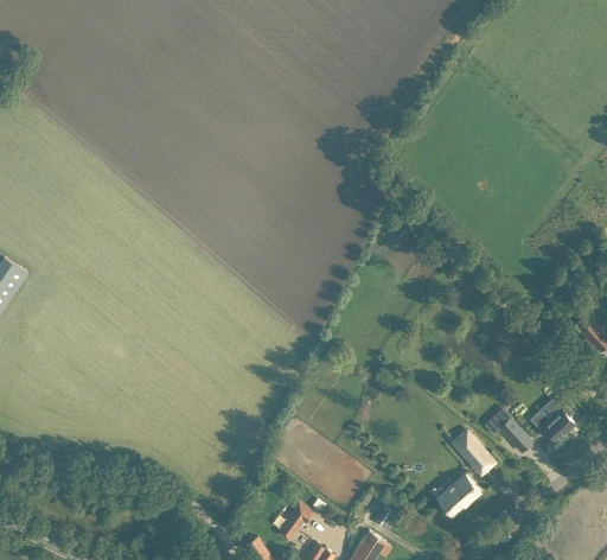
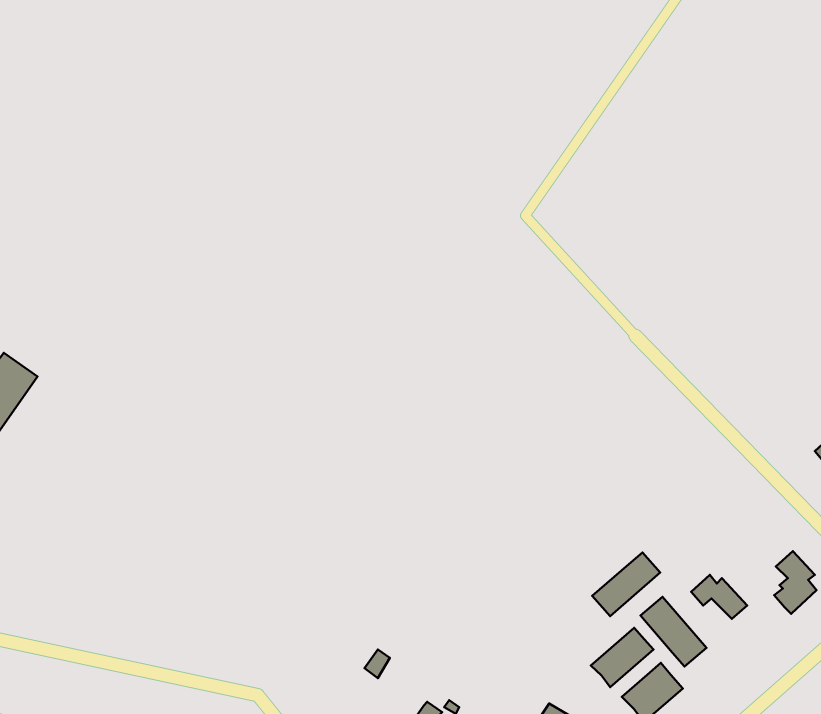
building: none -> [592,552,660,616]
building: none -> [591,628,653,687]

